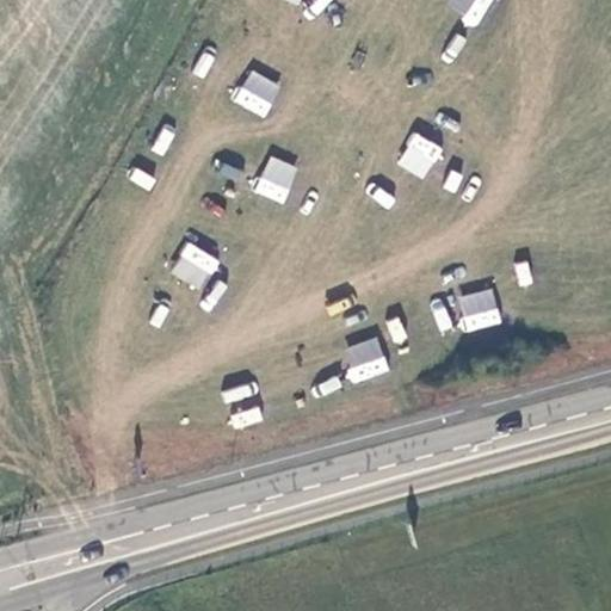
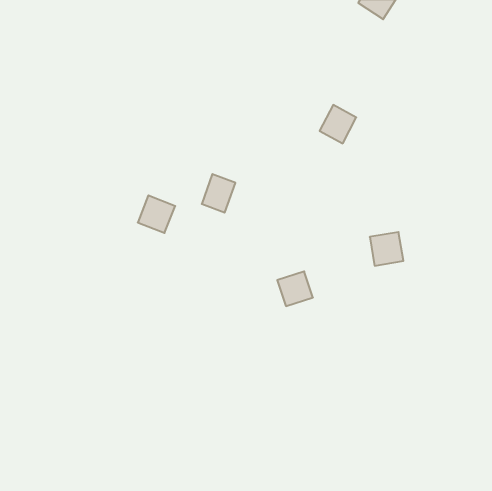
building: [233,68,279,116] -> none
building: [255,154,297,202] -> [202,174,235,213]

